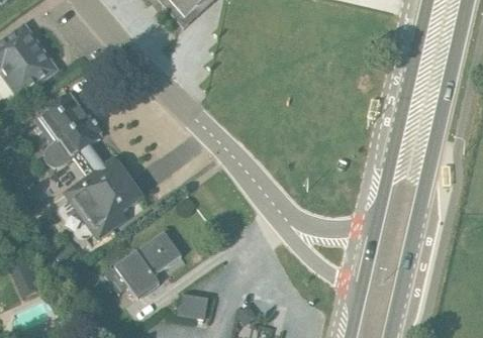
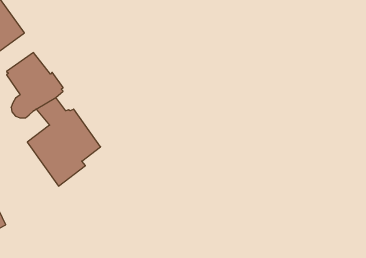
building: [105,229,181,297] -> none
building: [178,292,208,318] -> none

